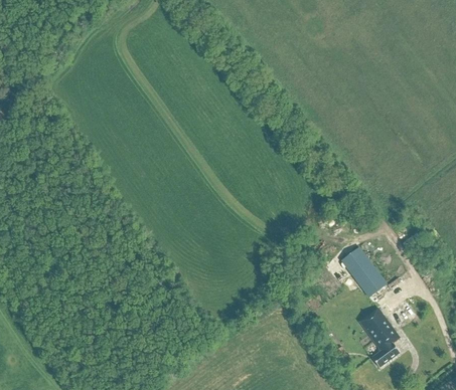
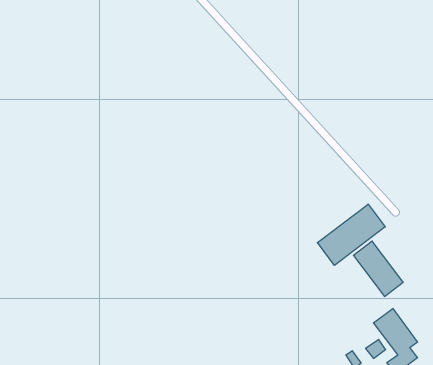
building: none -> [317,204,385,265]

